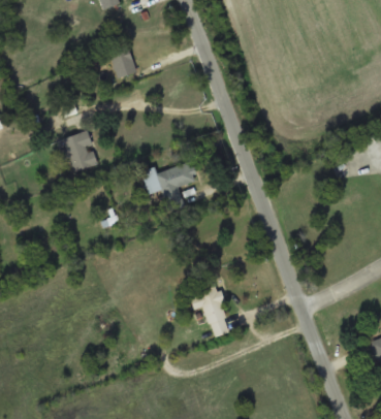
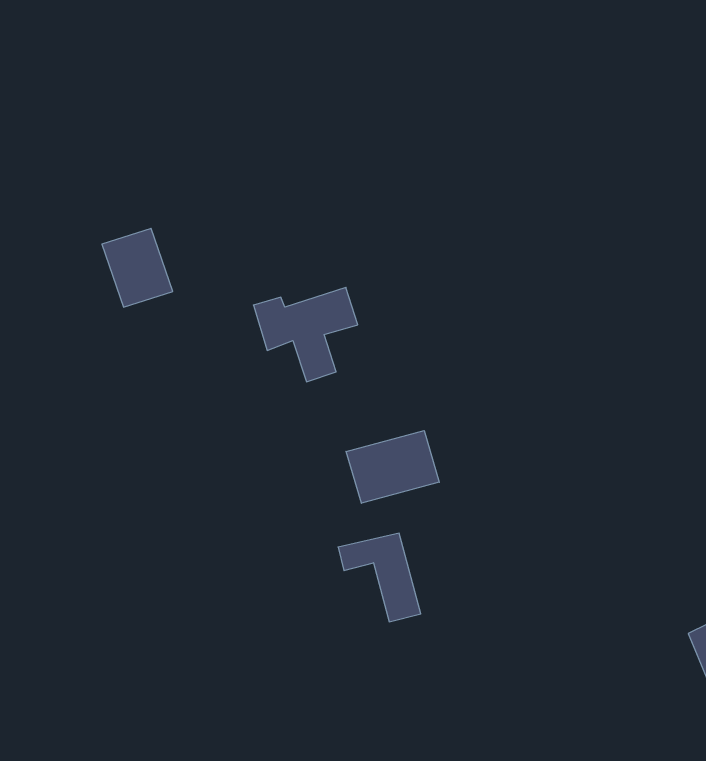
building: [108,46,136,78] -> none
building: none -> [346,431,439,503]

